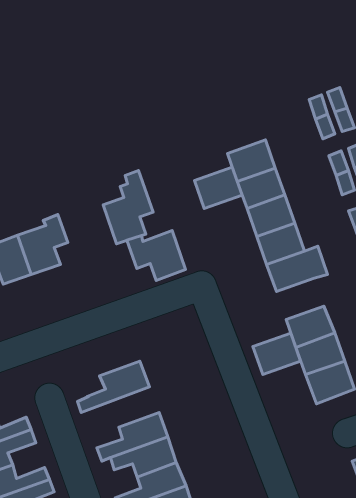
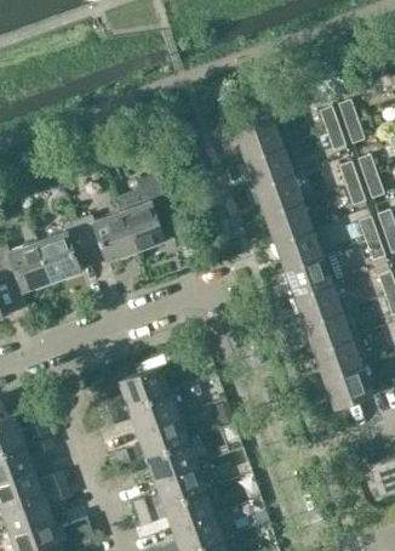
building: [194,167,242,209] -> [235,120,282,161]
building: [127,231,186,281] -> [76,212,134,262]
building: [253,333,301,375] -> [293,285,340,326]
building: none -> [99,393,177,433]

